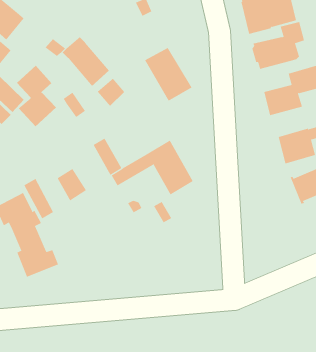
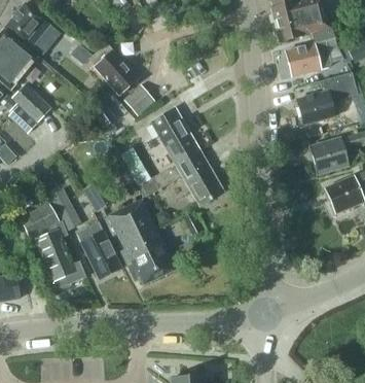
building: [144,47,192,101] -> [150,108,199,164]
building: [16,65,57,127] -> none
building: none -> [104,200,175,284]
building: none -> [76,221,121,279]

